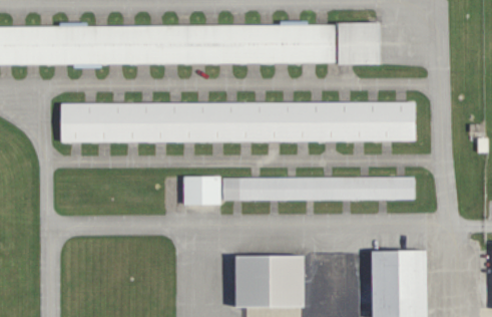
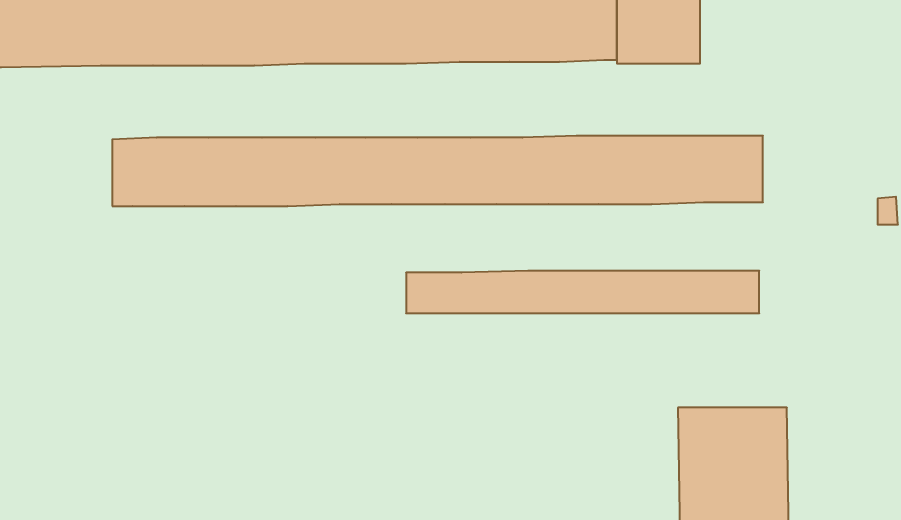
building: [182,176,220,205] -> none
building: [233,256,306,307] -> none

